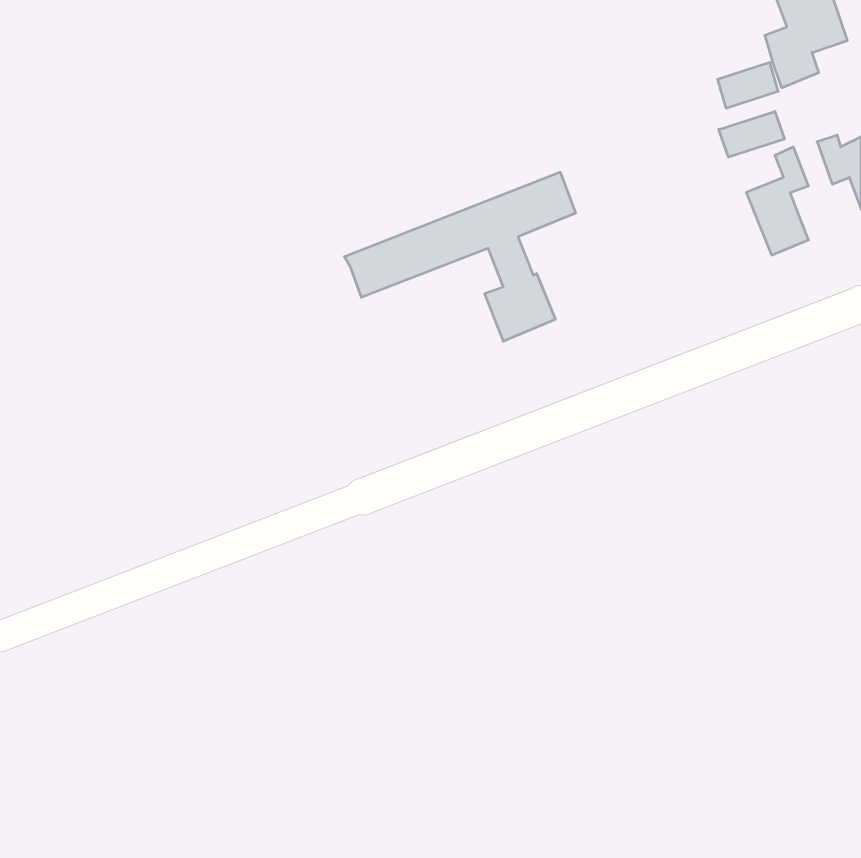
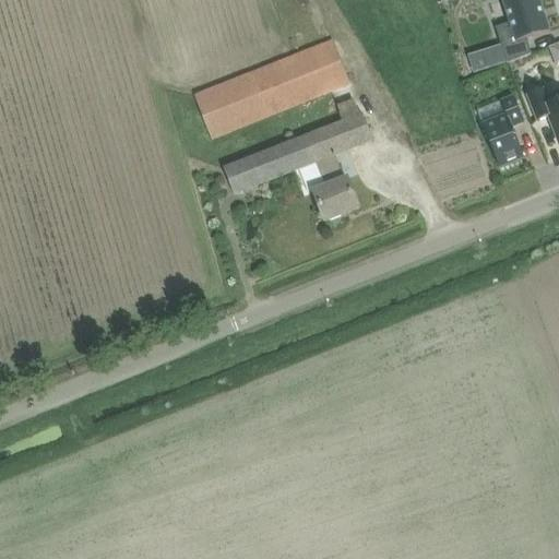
building: none -> [194,39,348,139]
building: [719,111,784,157] -> none

